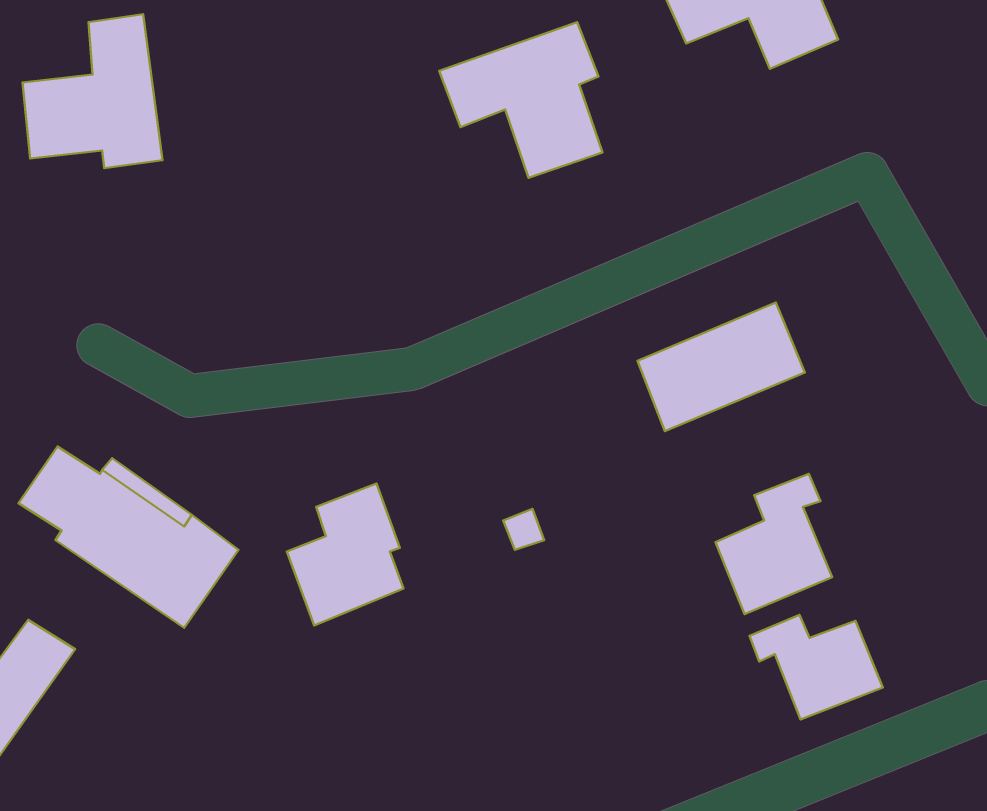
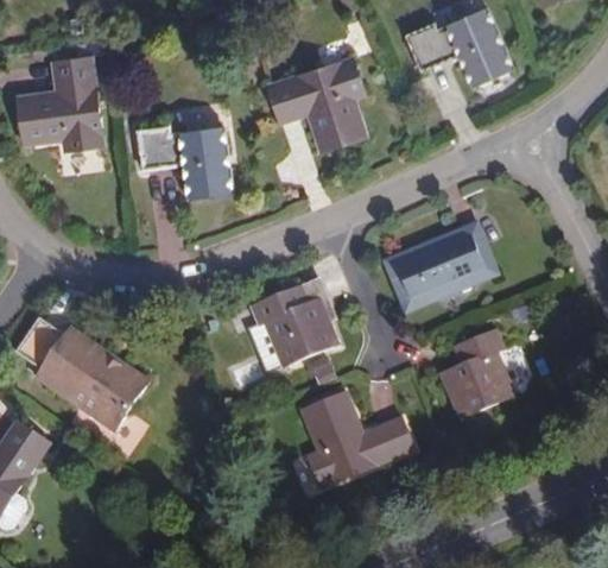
building: none -> [137,128,232,200]
building: [287,483,404,626] -> [266,279,337,366]
building: none -> [304,392,414,486]
building: [749,615,883,720] -> none

